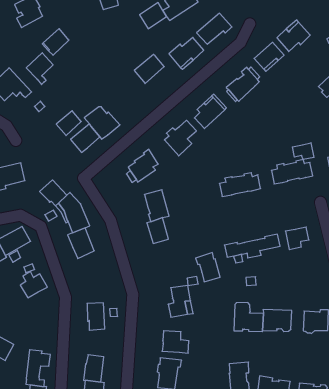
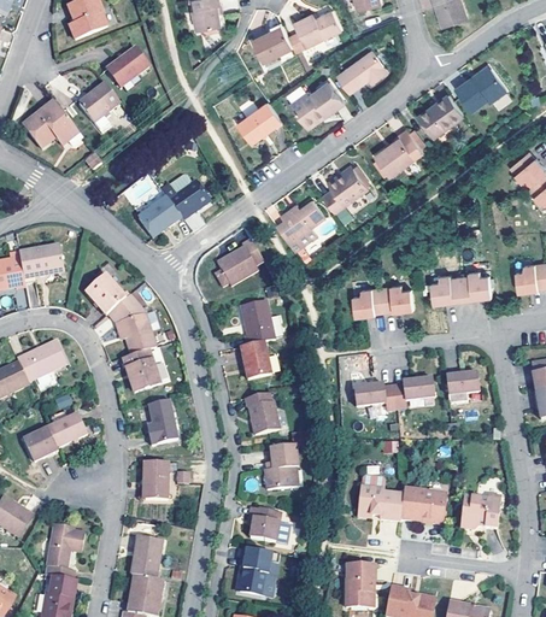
building: [292,143,314,160] -> none
building: [196,253,220,282] -> [245,392,278,434]
building: none -> [148,399,178,445]
building: none -> [23,424,58,457]

